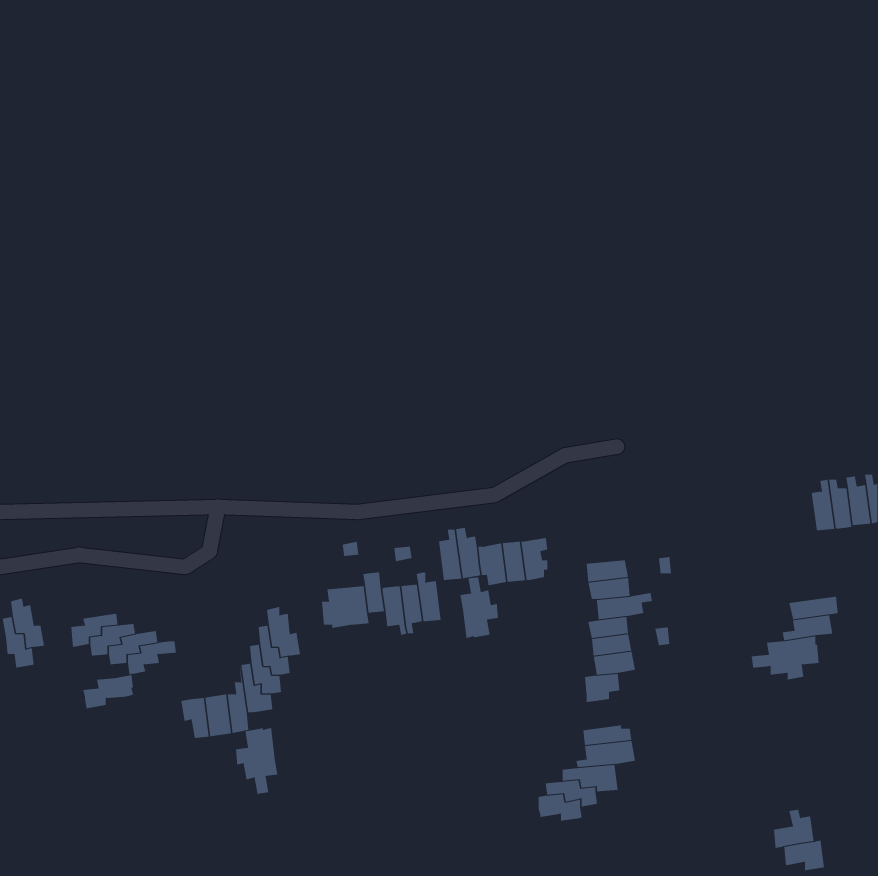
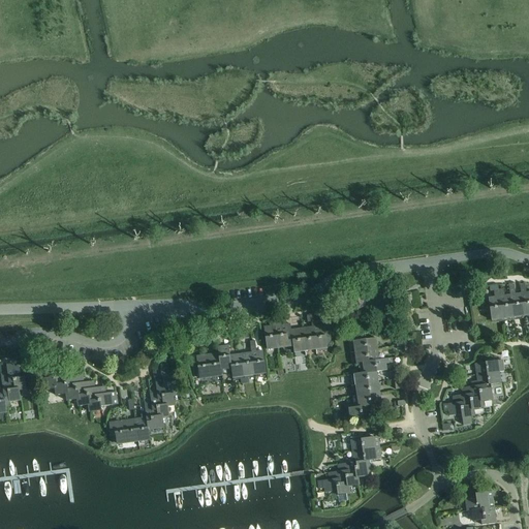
building: [460,576,498,639] -> none
building: none -> [442,401,474,428]
building: [82,674,134,709] -> [87,391,118,411]
building: [236,727,278,794] -> none

